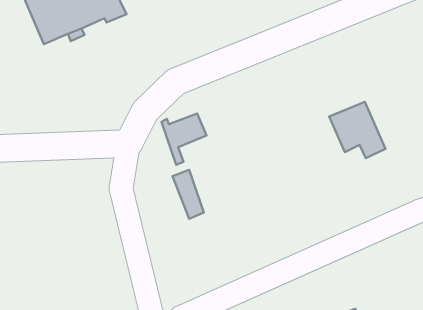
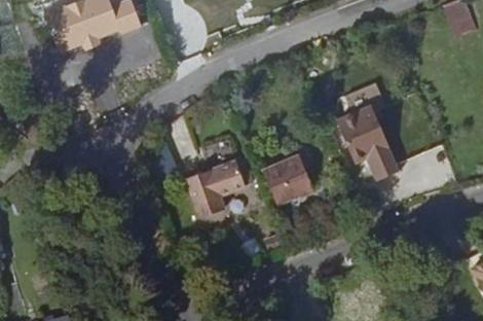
building: [161,114,206,165] -> [203,169,248,219]
building: none -> [276,166,314,205]

